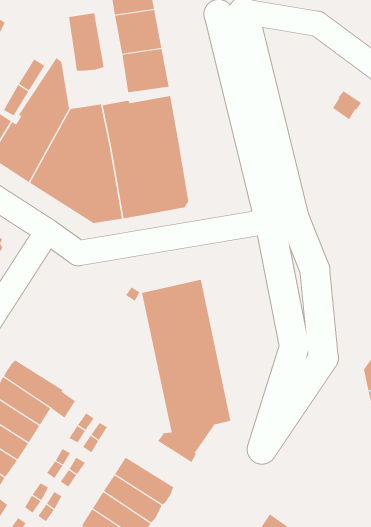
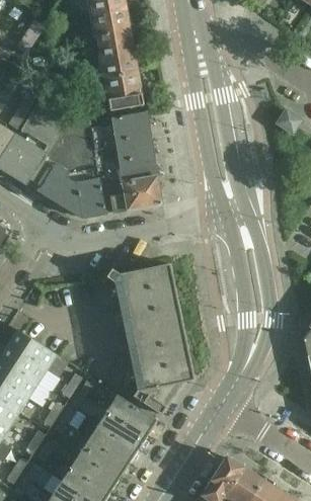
building: [68,12,104,72] -> none
building: none -> [106,394,156,434]

